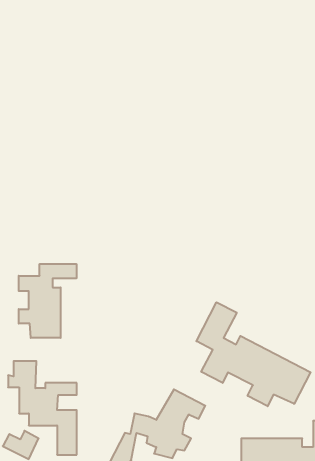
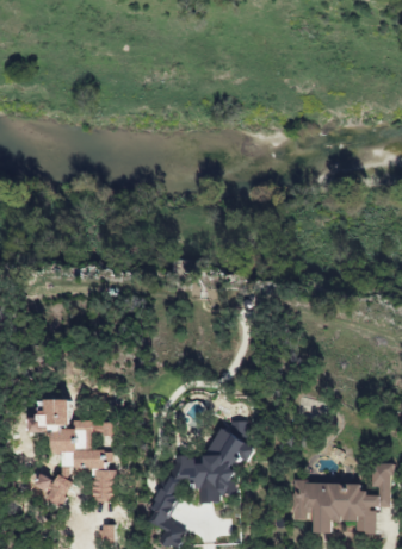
building: [19,264,76,338] -> none
building: [196,302,311,406] -> none

